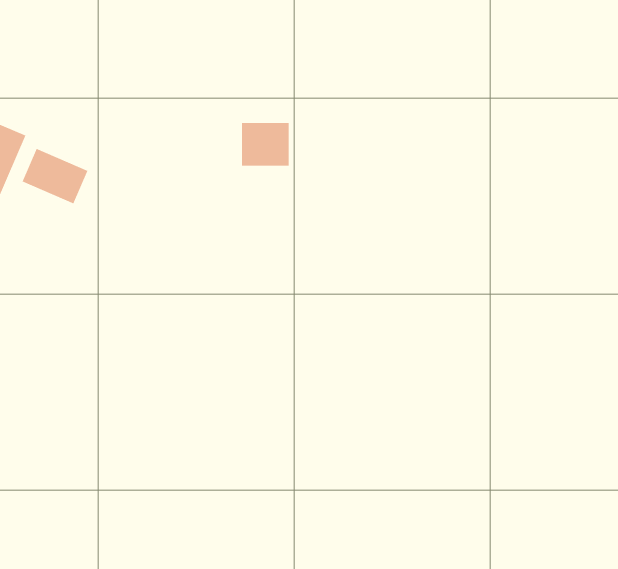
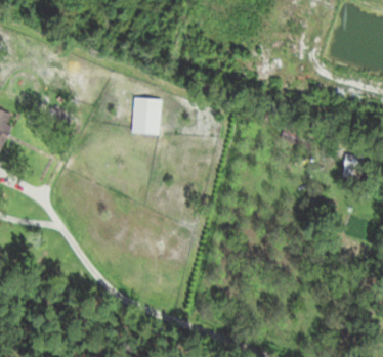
building: [21,148,88,205] -> none

